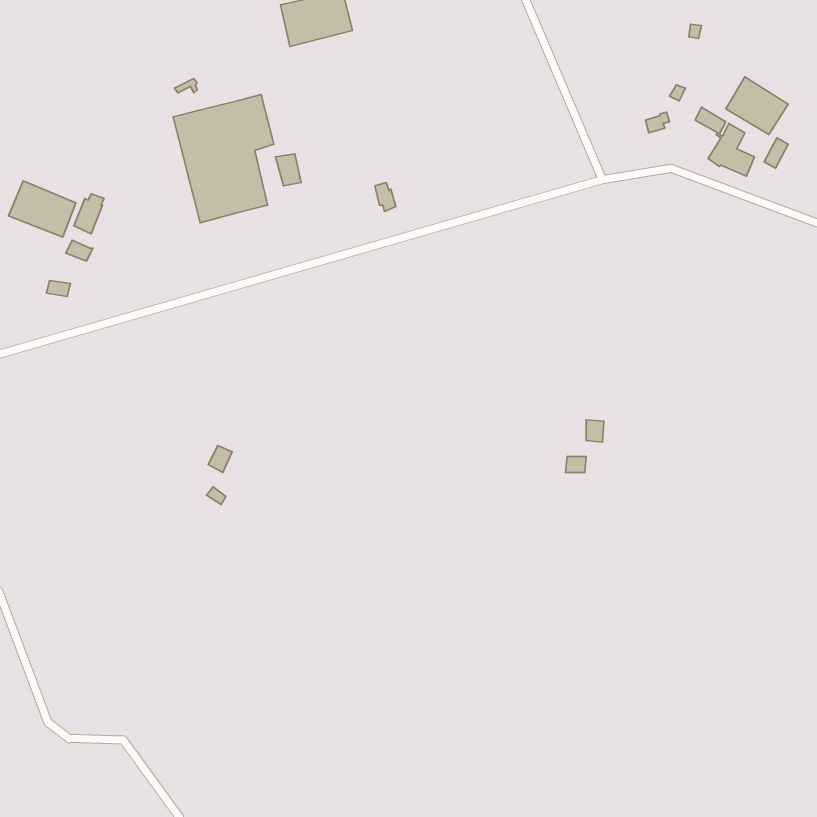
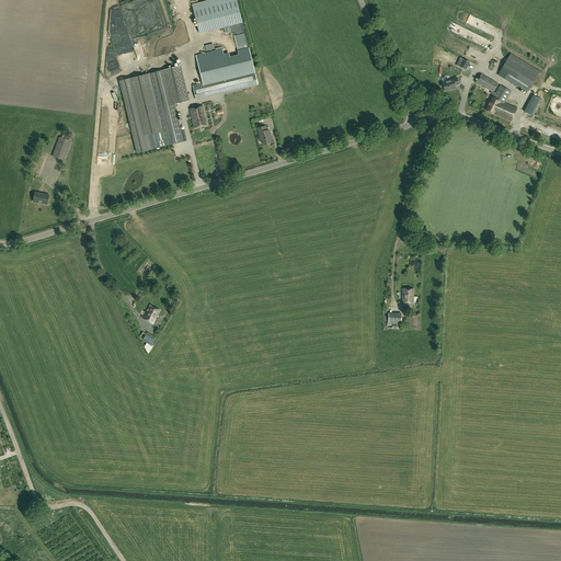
building: none -> [192,49,256,99]
building: [8,181,76,237] -> none

